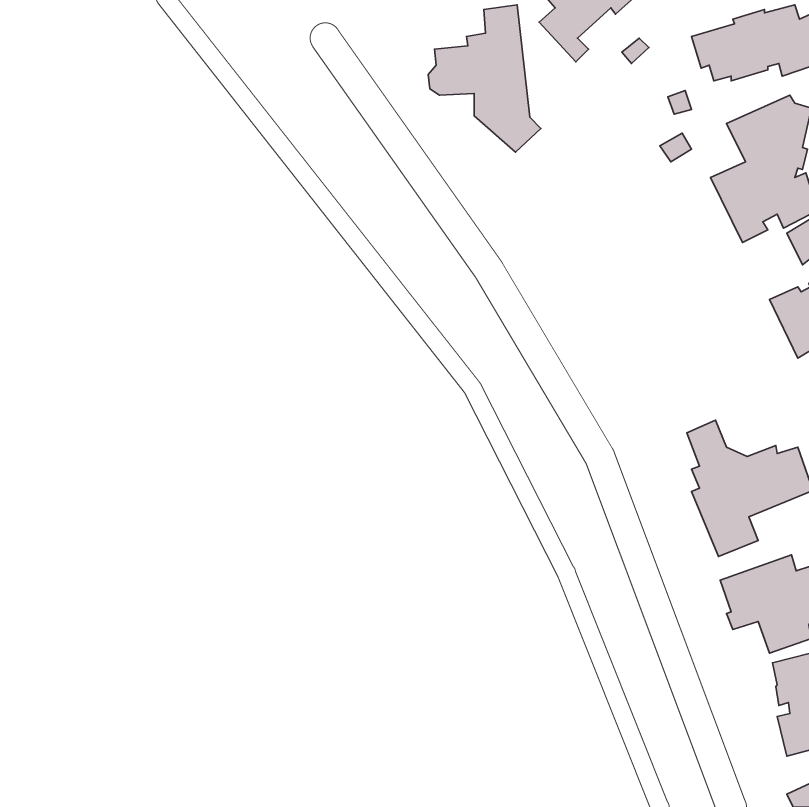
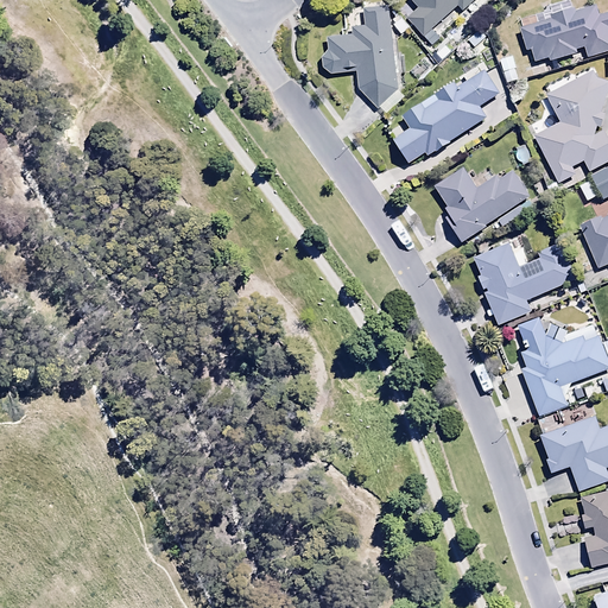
building: none -> [394,70,499,162]
building: none -> [435,166,530,241]
building: none -> [473,242,574,323]

